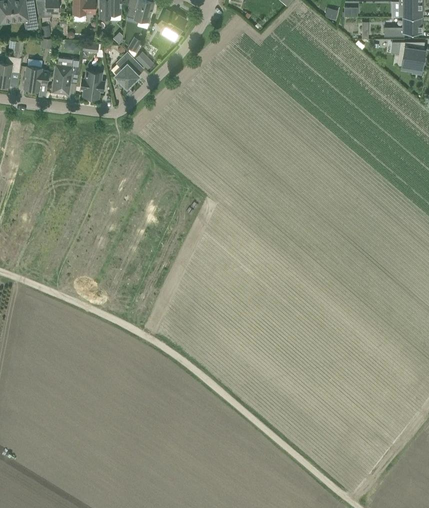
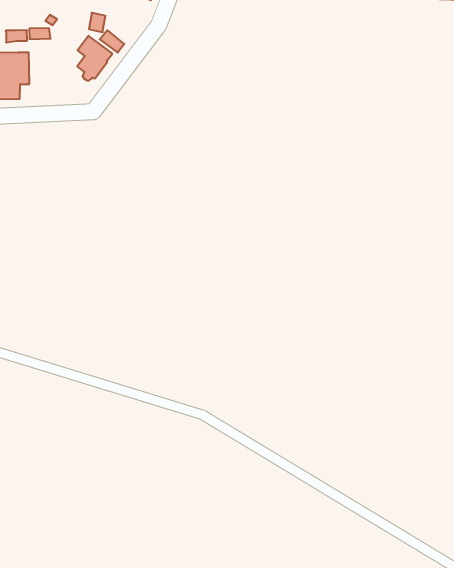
building: [80,68,104,97] -> none

